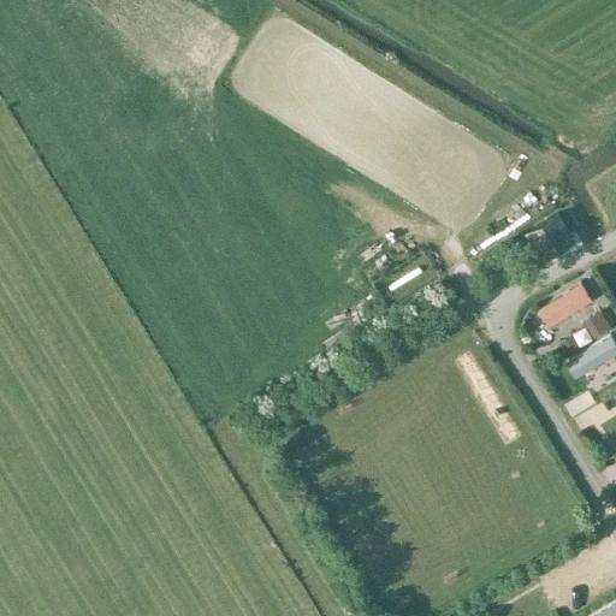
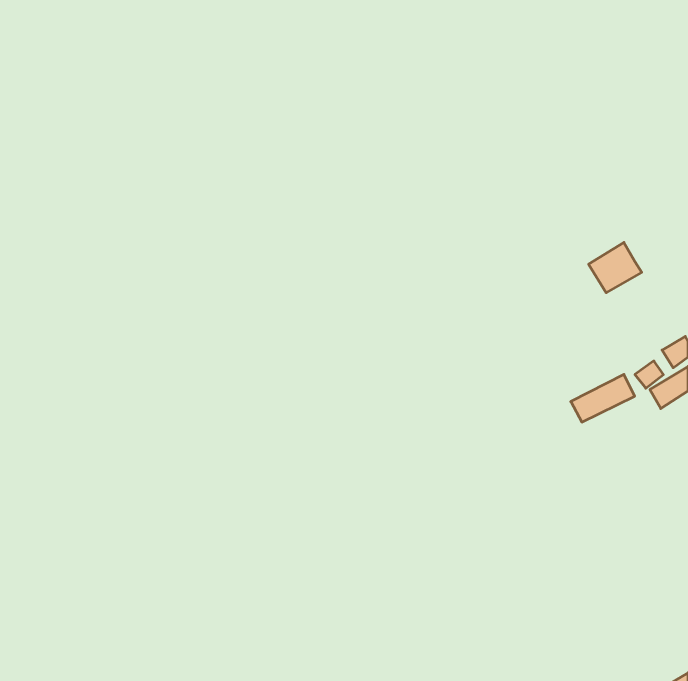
building: [538,285,594,327] -> [571,374,635,422]

